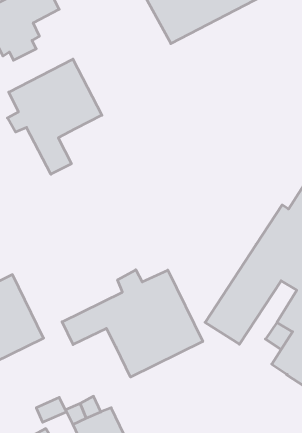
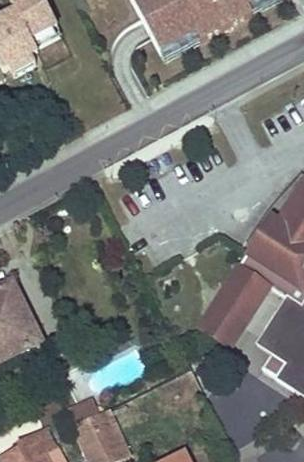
building: [7,59,102,174] -> none
building: [62,270,203,377] -> none

